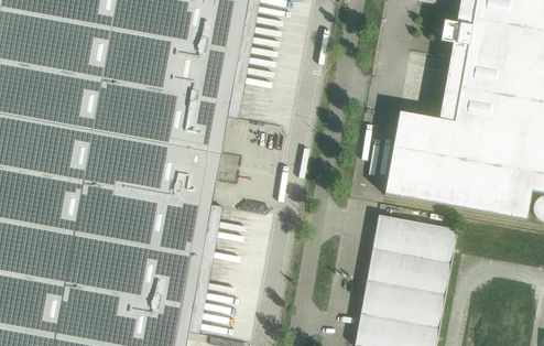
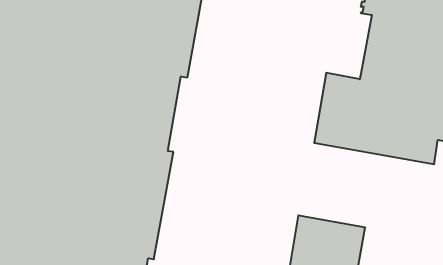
building: [366,215,457,295] -> none

